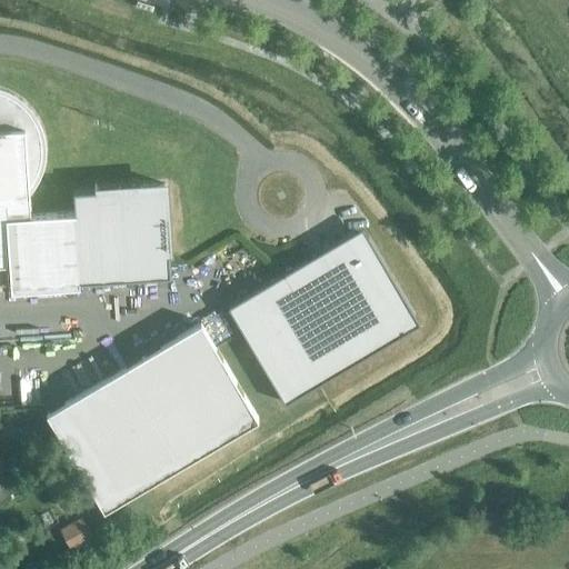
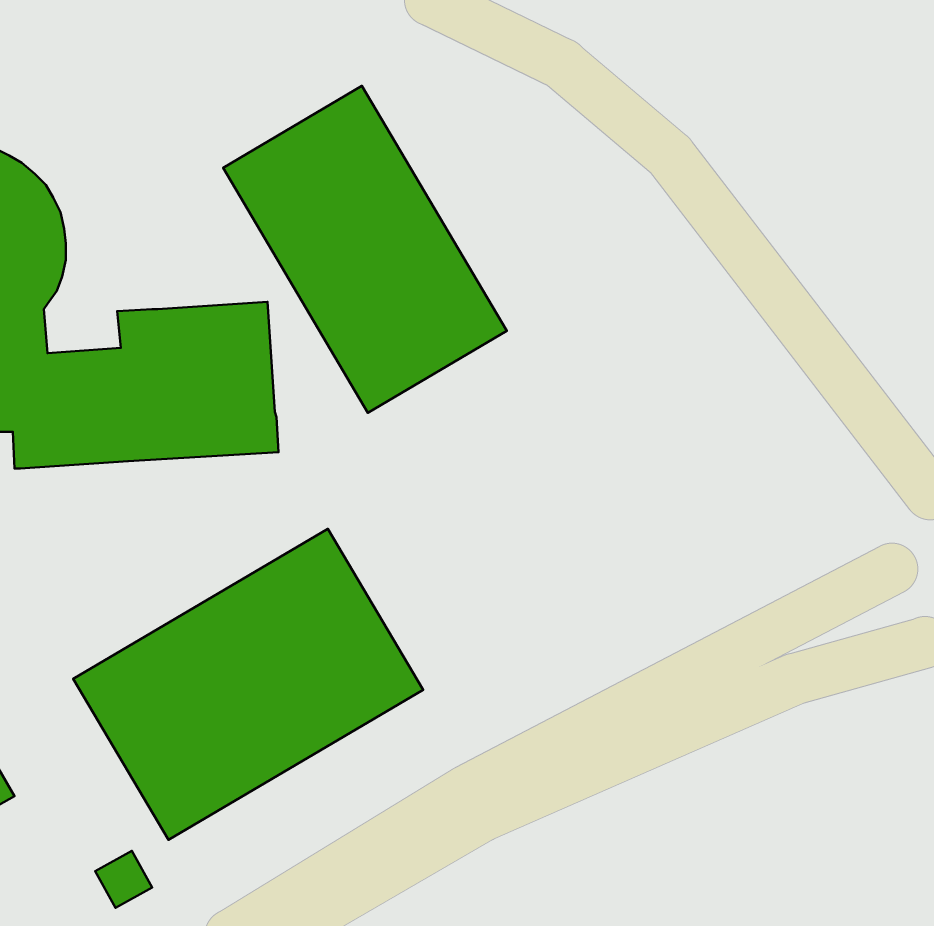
building: none -> [223,86,507,413]
building: [228,231,420,408] -> none

